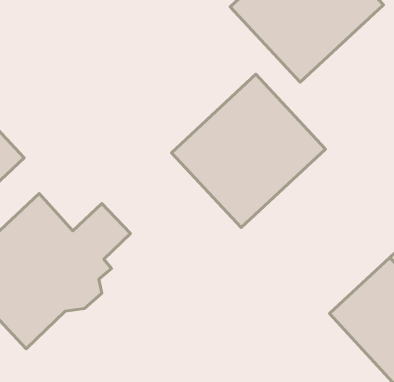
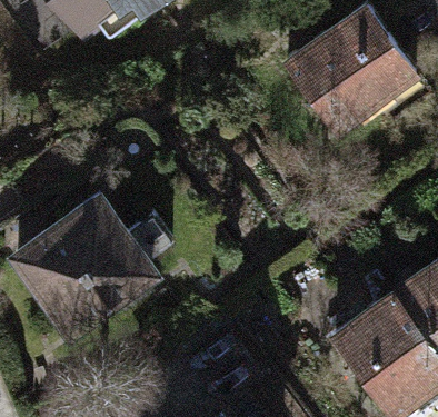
building: [172,74,325,227] -> none

